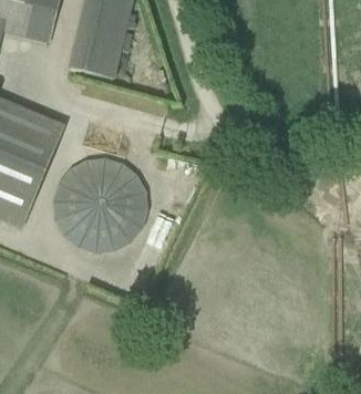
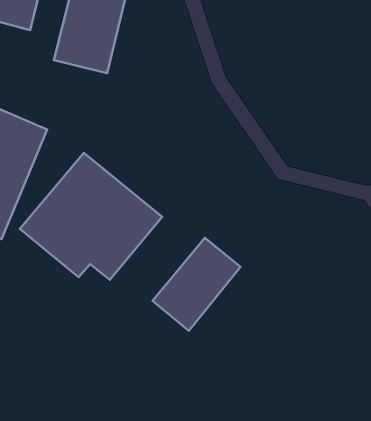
building: none -> [152,238,241,331]

